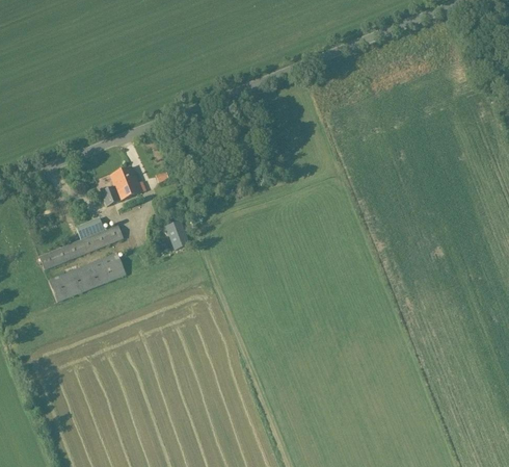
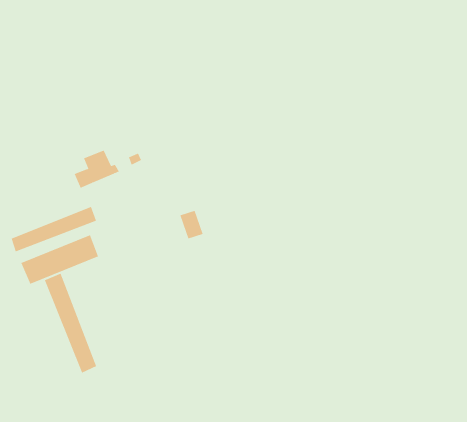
building: [164,220,188,250] -> [180,210,204,239]
building: none -> [44,273,97,374]

